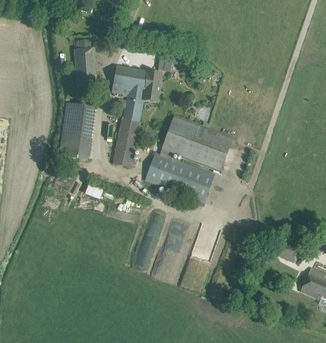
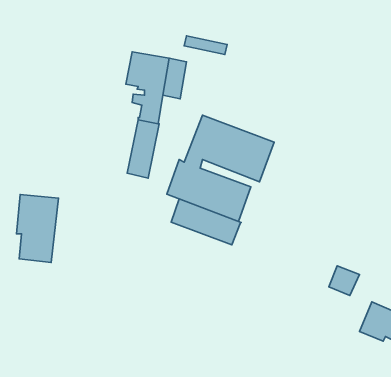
building: [74,39,96,81] -> none
building: [62,102,96,157] -> [17,194,59,262]
building: none -> [171,199,241,245]

